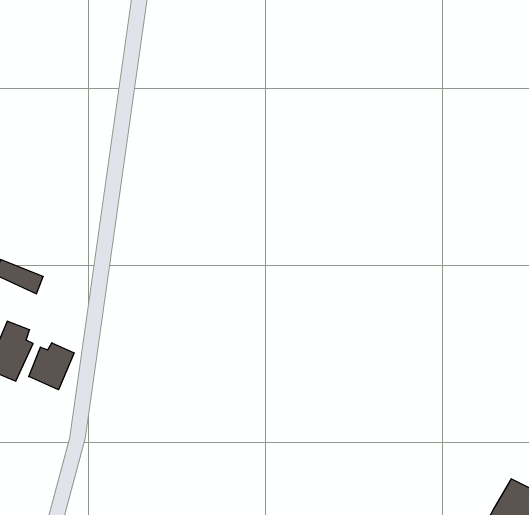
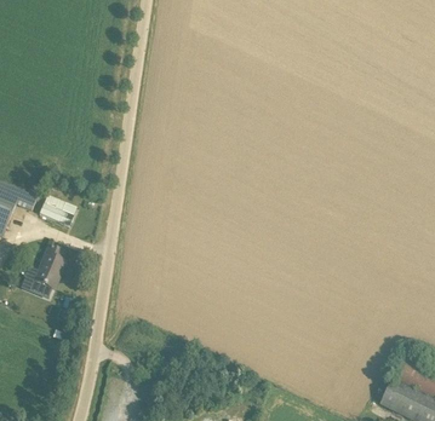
building: [29,343,74,390] -> none

